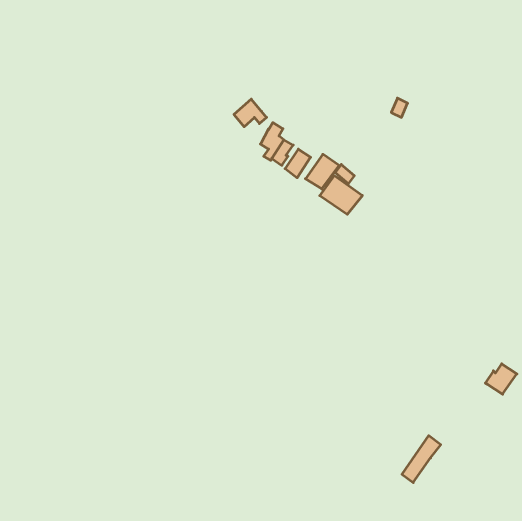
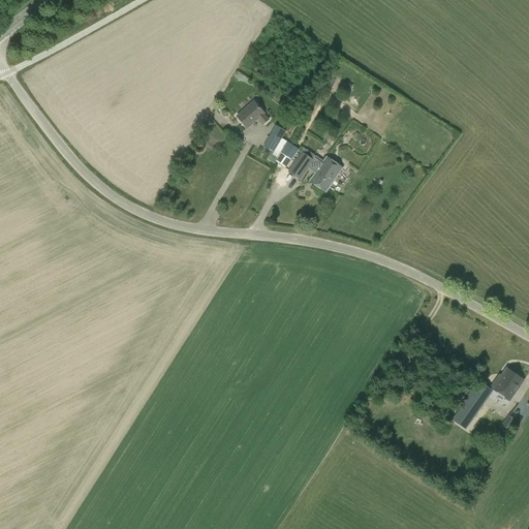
building: [320,176,362,214] -> none
building: [402,436,441,483] -> [454,380,493,428]

